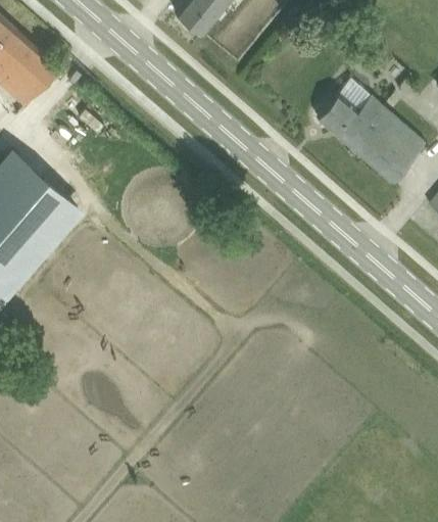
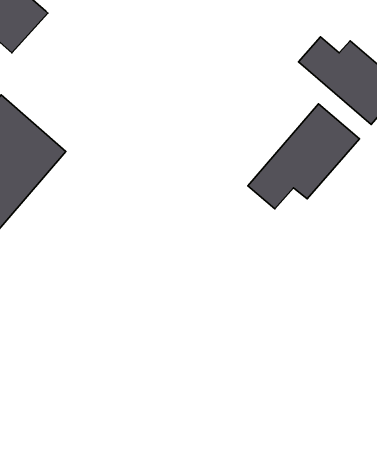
building: none -> [248,104,360,209]

